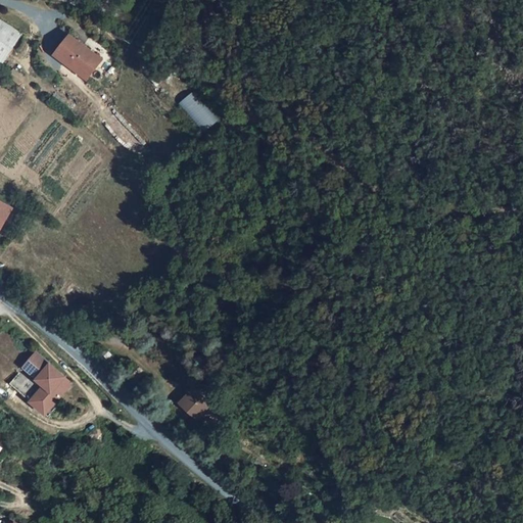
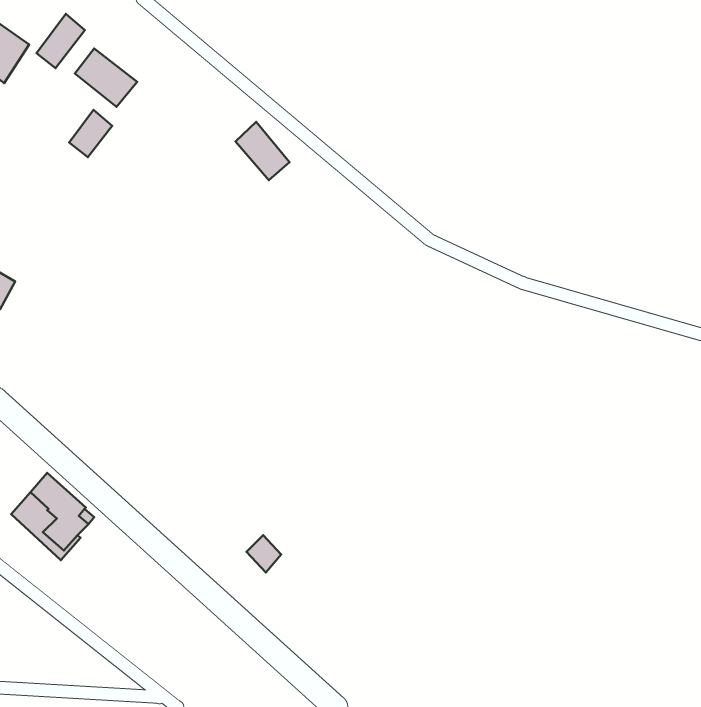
building: none -> [36,14,85,68]
building: none -> [69,110,112,157]

